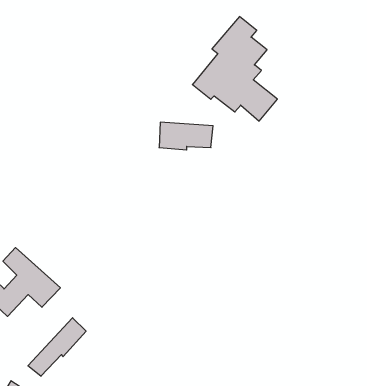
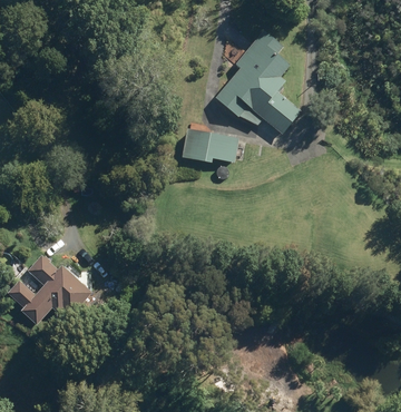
building: [28,318,86,376] -> none

